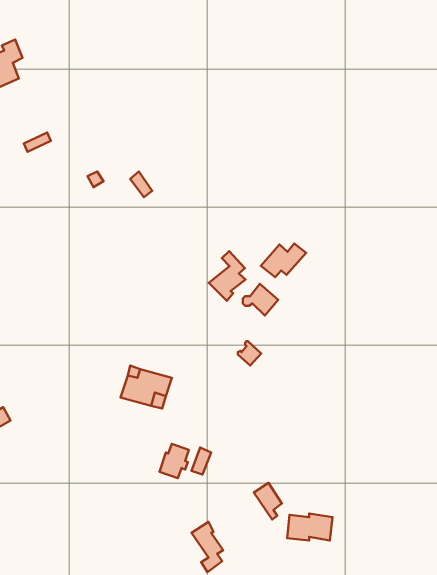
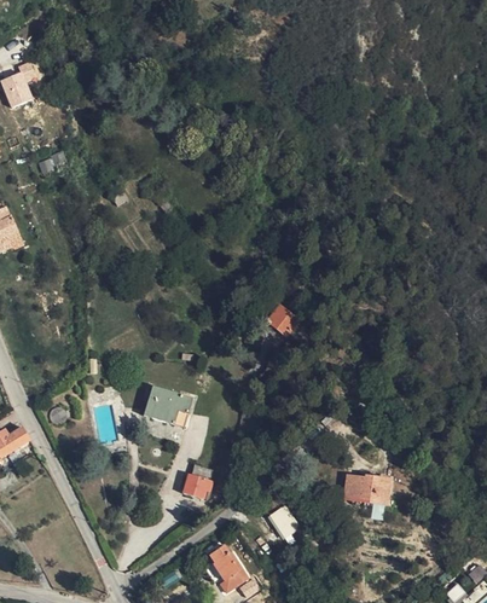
building: [261,244,306,277] -> none
building: [209,251,245,301] -> none
building: [287,514,332,540] -> [346,471,390,498]

